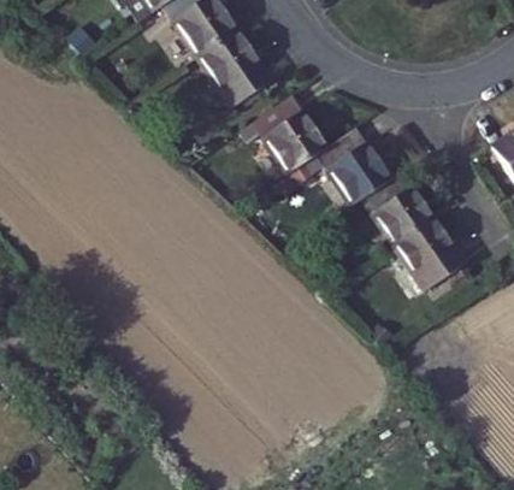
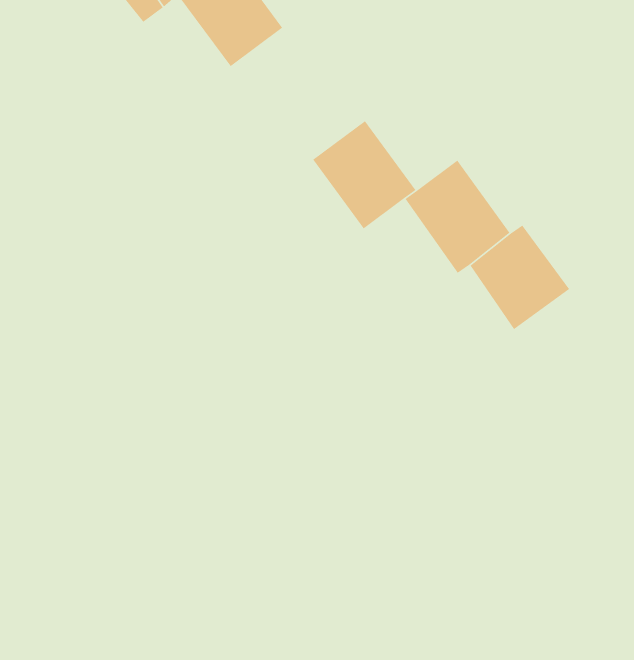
building: [195,28,268,104] -> none
building: [395,212,469,289] -> none

